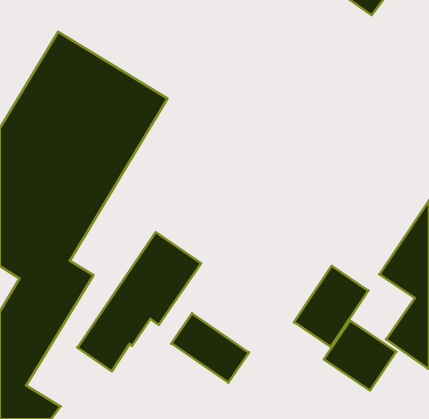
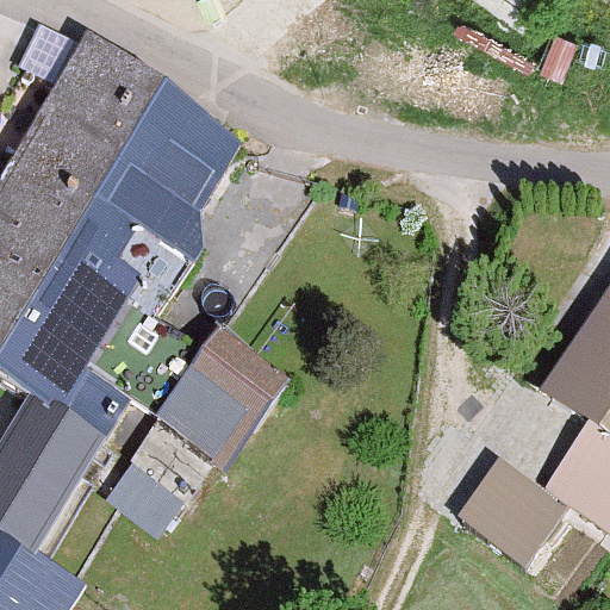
building: [294,266,368,347] -> none
building: [171,313,249,383] -> none

